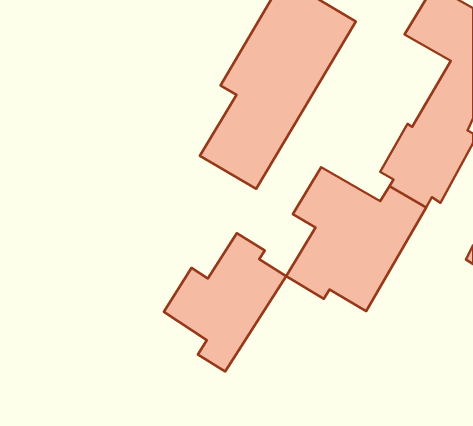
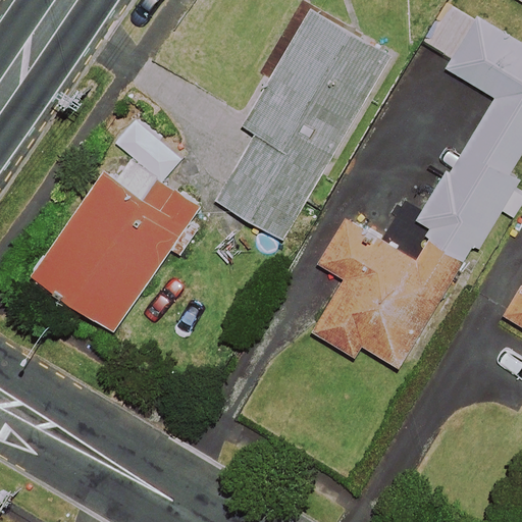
building: none -> [37,153,203,330]
building: [164,233,286,372] -> none

